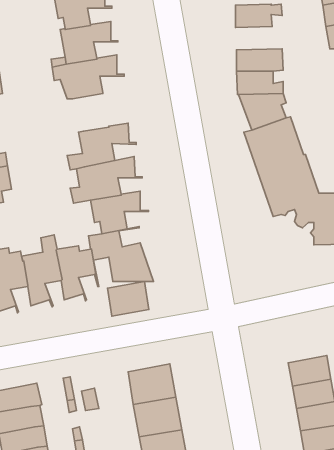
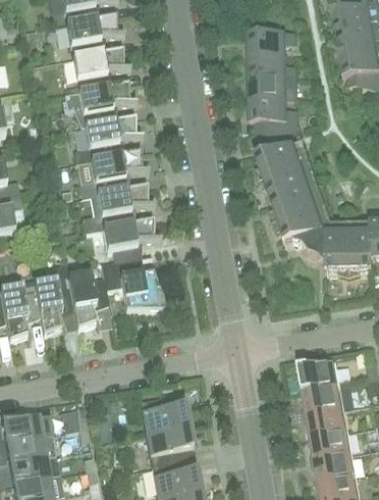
building: none -> [249,54,295,78]
building: none -> [73,117,143,162]
building: [107,282,149,316] -> none
building: none -> [297,361,340,392]

